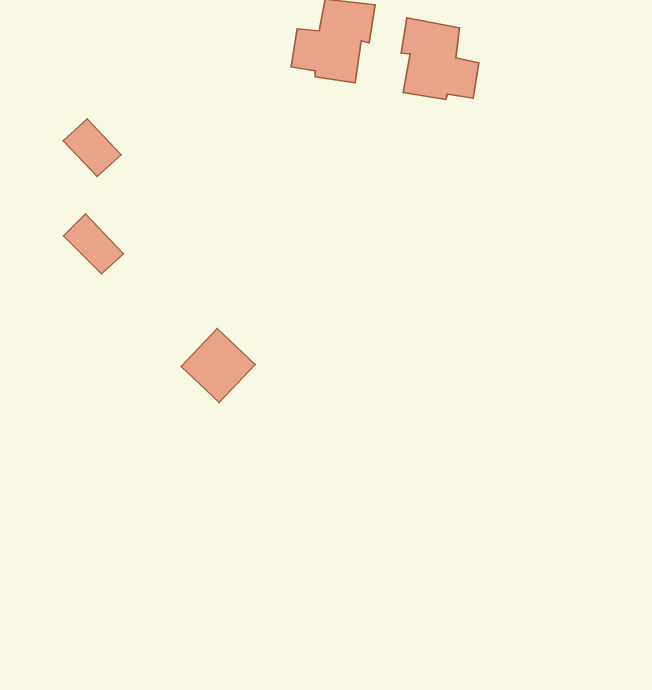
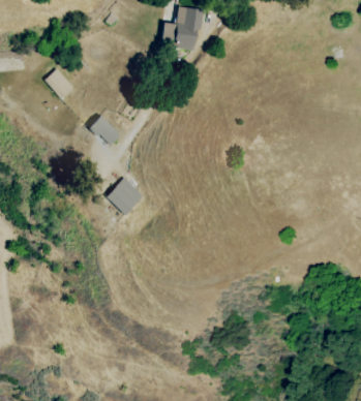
building: [401,18,479,99] -> none
building: [64,214,124,274] -> [90,115,121,146]

